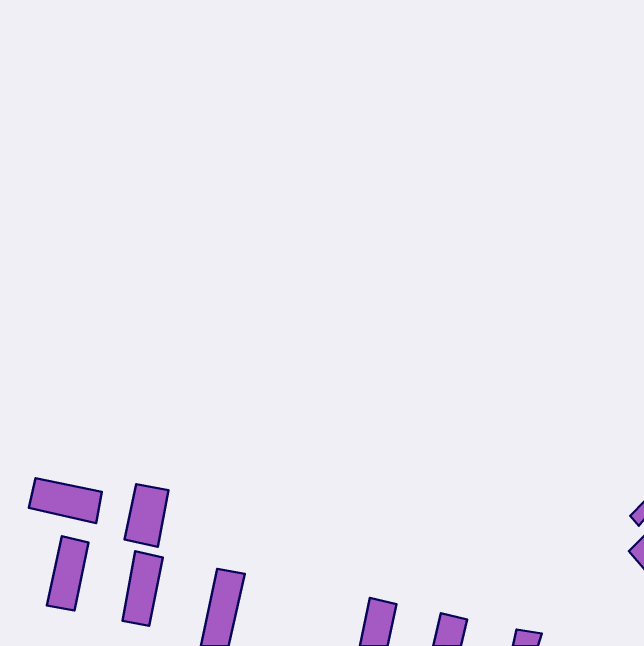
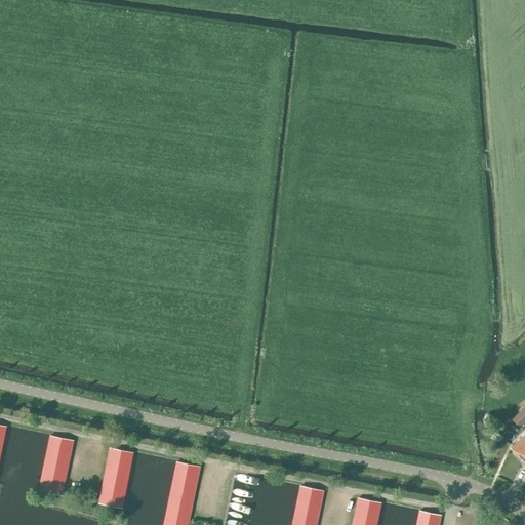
building: [29,478,102,523] -> none
building: [125,484,168,547] -> none

